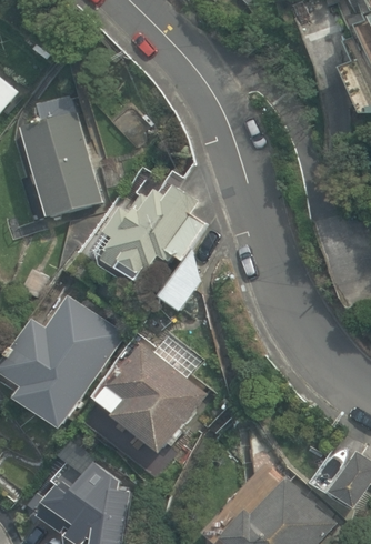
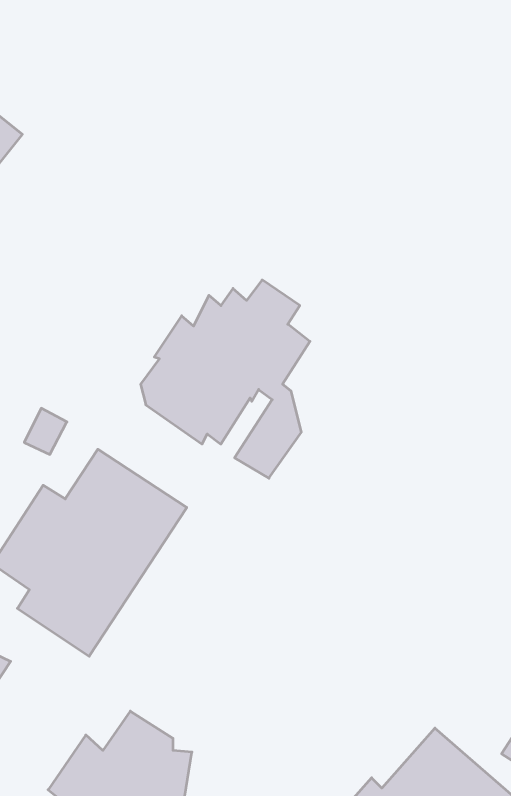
building: [21,95,101,218] -> none
building: [92,342,201,453] -> none

